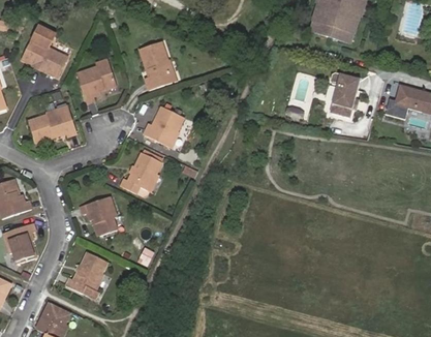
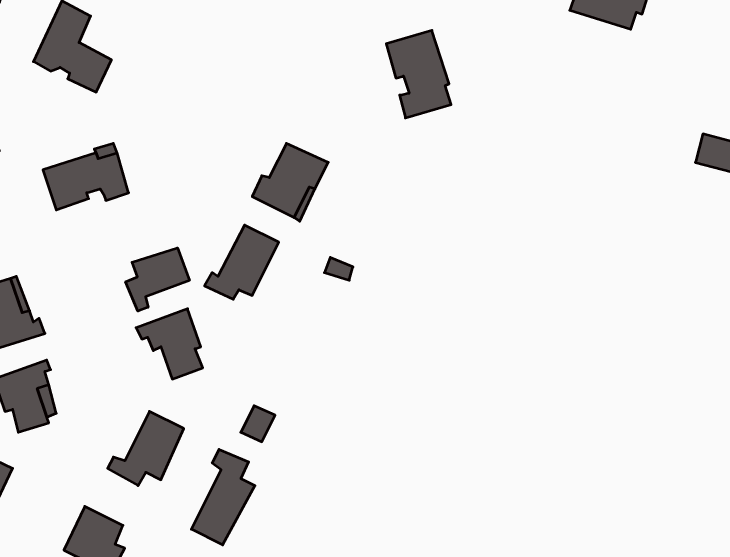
building: [136,42,172,90] -> [386,30,451,118]
building: [79,69,114,106] -> none
building: [330,74,361,120] -> none
building: none -> [126,248,189,311]
building: none -> [191,449,255,545]

